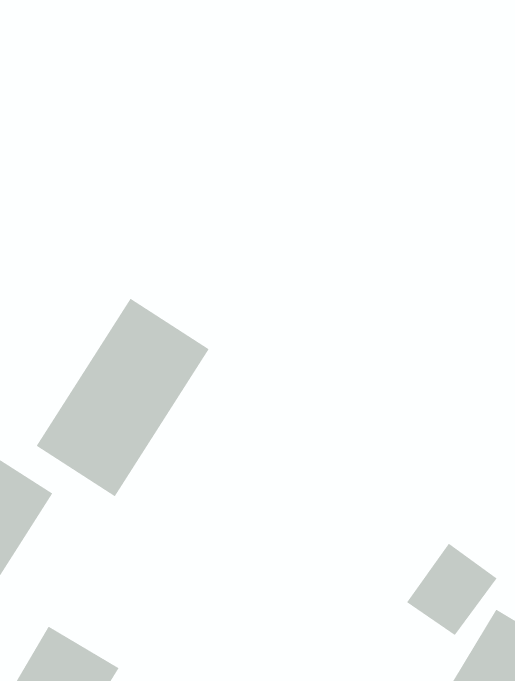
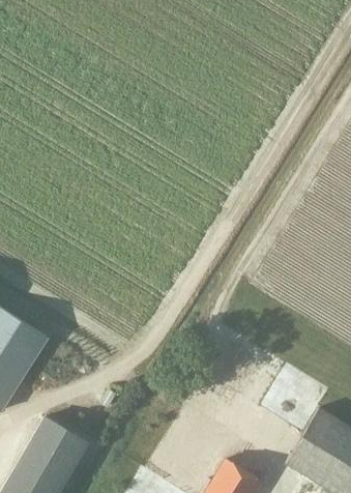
building: [36,298,210,497] -> none

